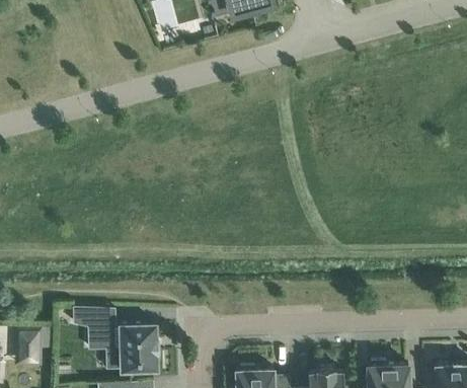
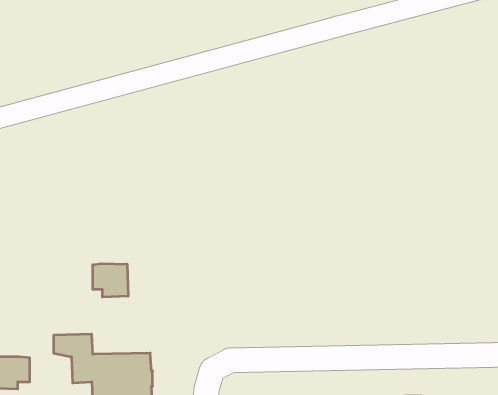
building: none -> [93,264,128,297]

